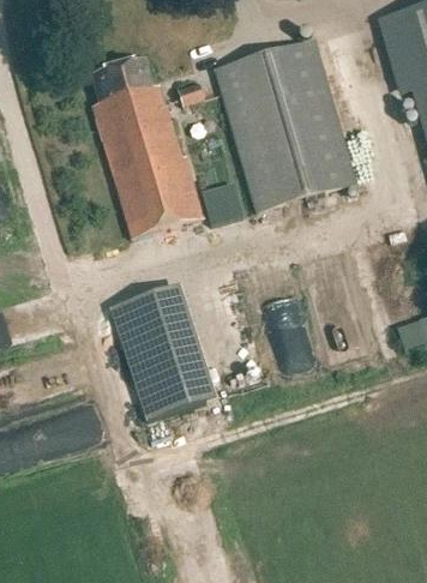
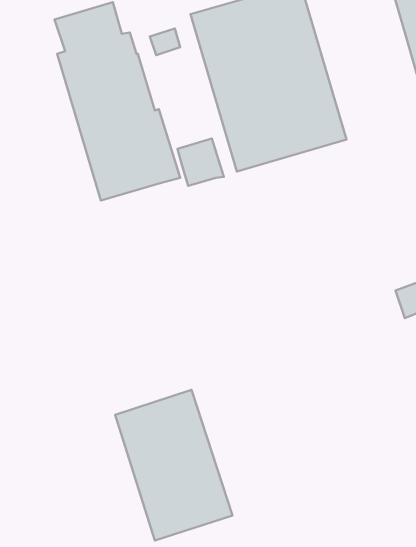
building: [110,282,217,419] -> [115,390,233,541]

